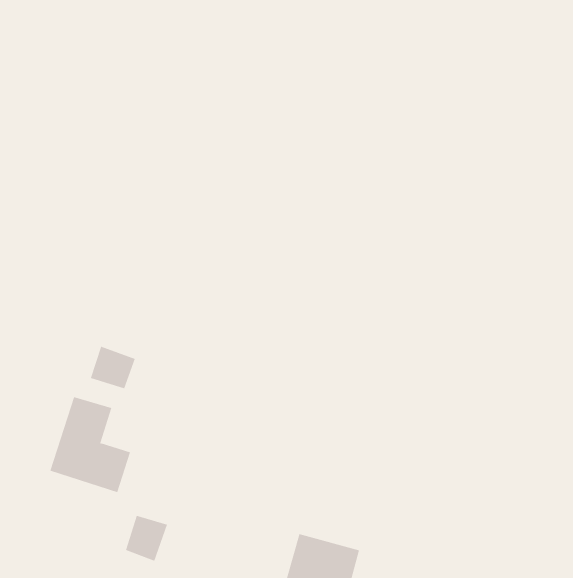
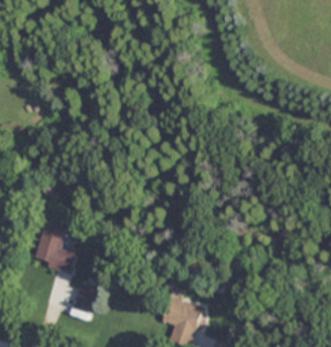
building: [90,346,136,389] -> none

